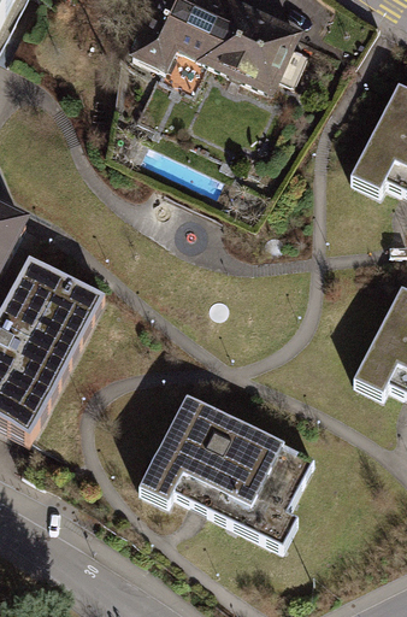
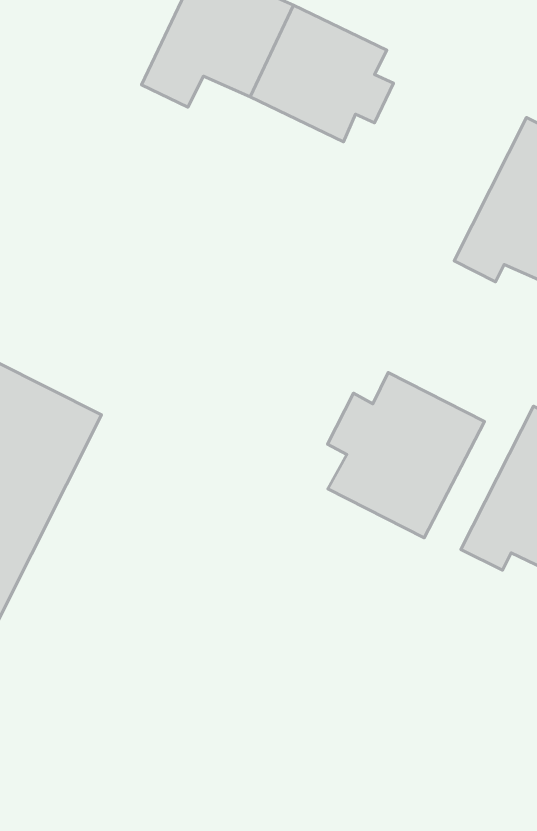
building: none -> [328,372,485,538]
building: [137,390,314,548] -> none

